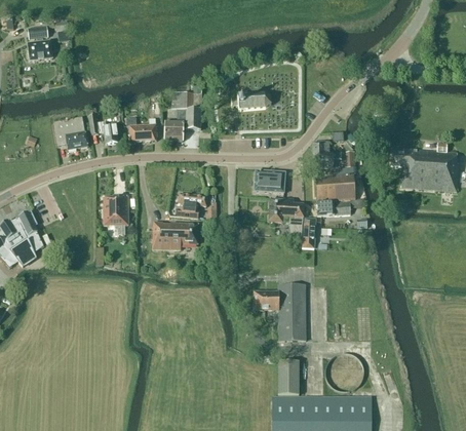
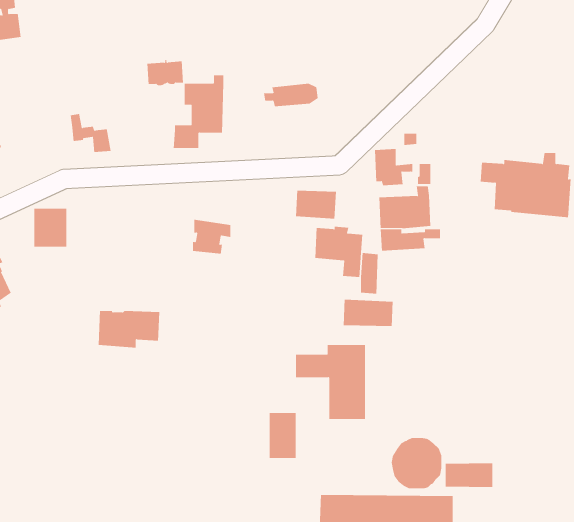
building: [52,117,87,151] -> none
building: [128,123,156,143] -> [146,59,184,86]
building: [103,197,127,226] -> [34,208,67,247]
building: [152,223,198,250] -> [98,311,160,348]
building: none -> [343,299,393,327]
building: [277,361,298,395] -> [269,413,297,459]
building: none -> [445,462,493,488]

